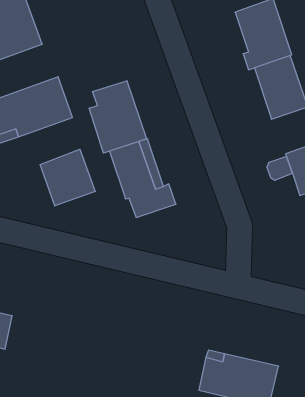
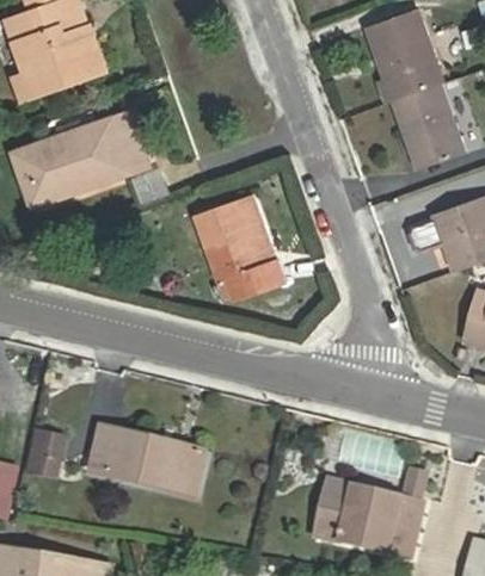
building: [89,81,146,153] -> none
building: [40,149,95,206] -> none
building: none -> [91,426,205,497]

